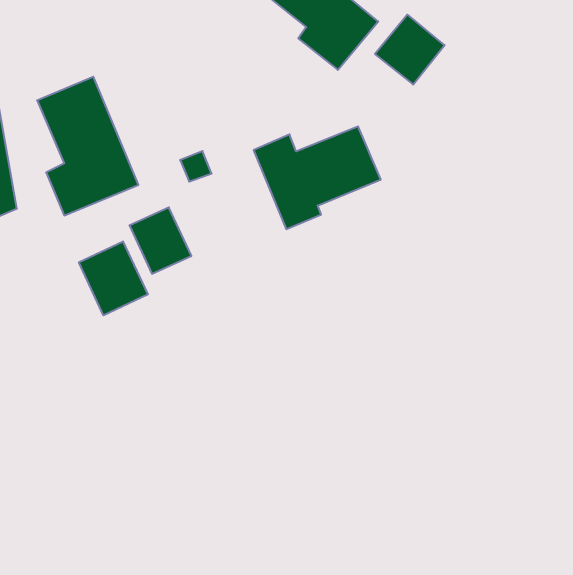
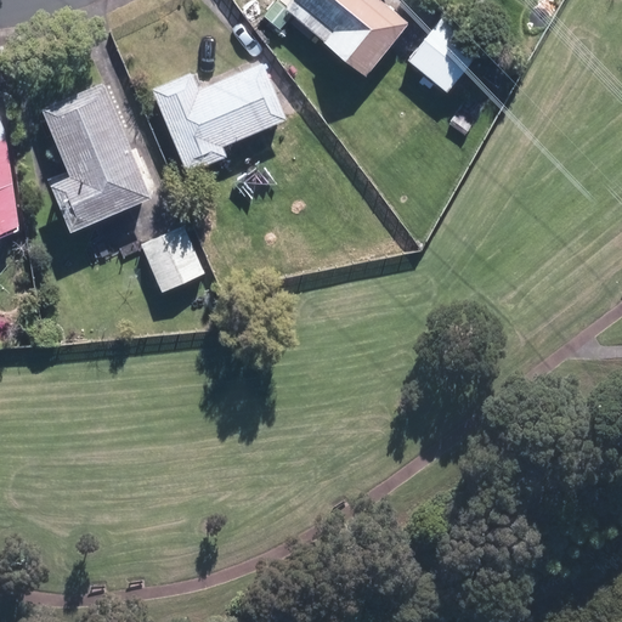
building: [254,127,381,229] -> [151,62,288,173]
building: [79,241,148,315] -> none

